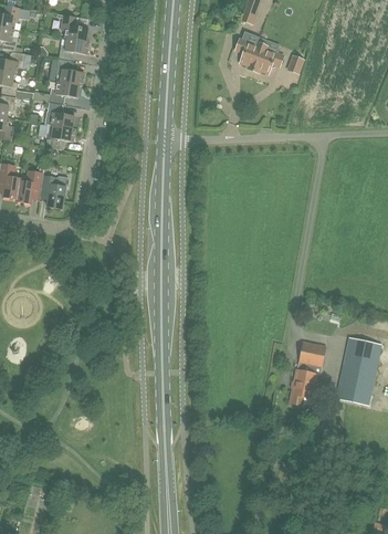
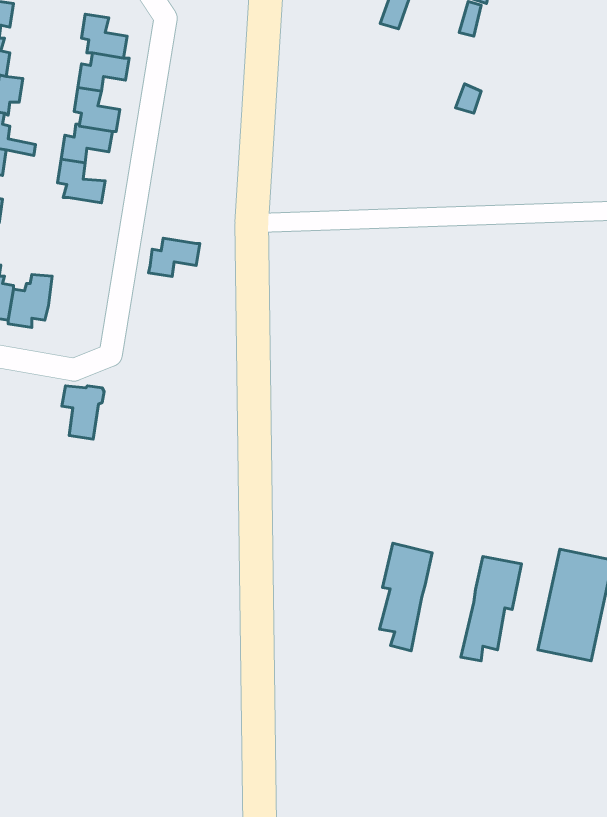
building: [235,38,283,72] -> none
building: [44,124,75,147] -> [148,238,200,277]
building: [43,175,69,207] -> [62,386,104,439]
building: none -> [379,543,432,651]

